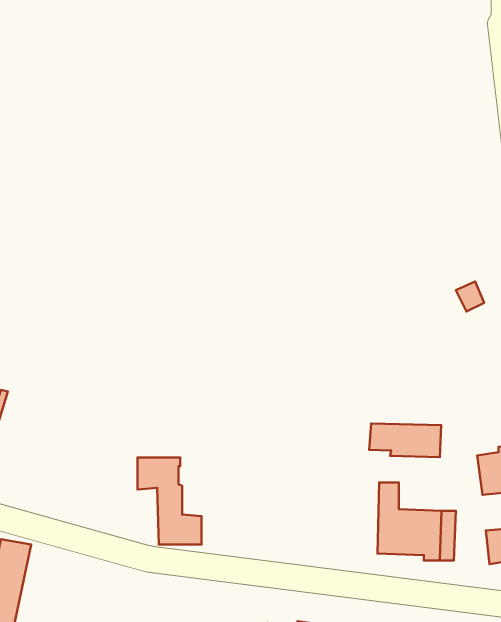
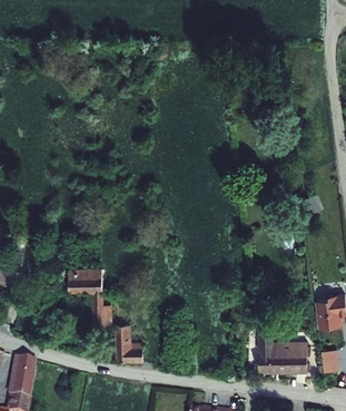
building: none -> [69,267,102,326]
building: [369,424,441,457] -> none

